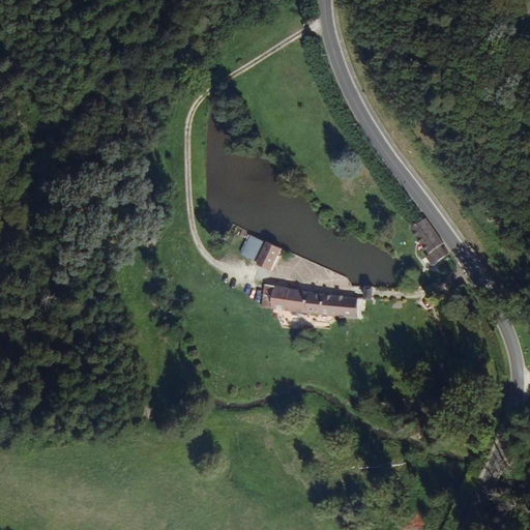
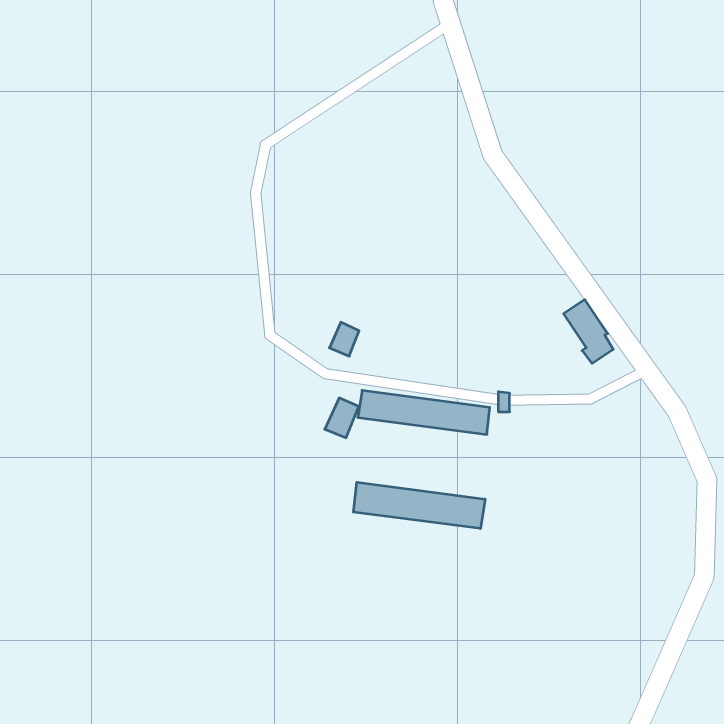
building: [256,243,281,272] -> [325,398,359,438]
building: none -> [353,482,485,529]

